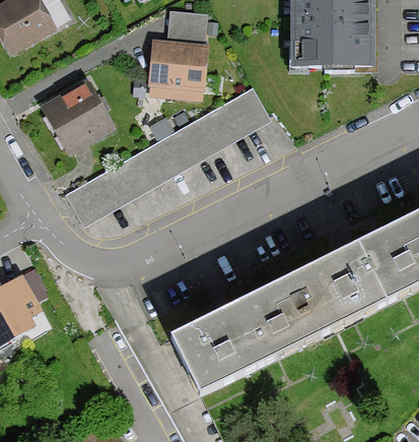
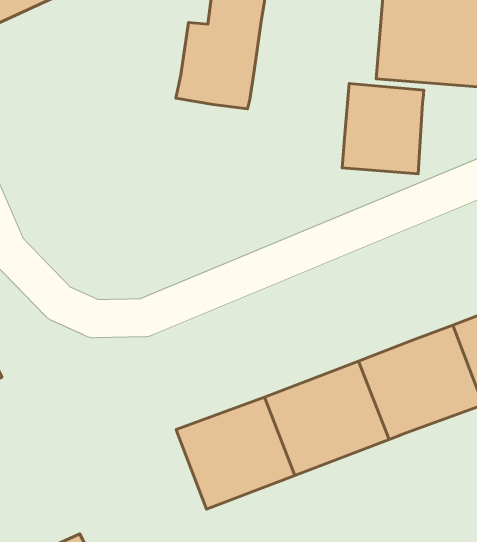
building: none -> [342,83,424,174]
building: [41,79,116,154] -> none
building: [67,86,269,224] -> none

